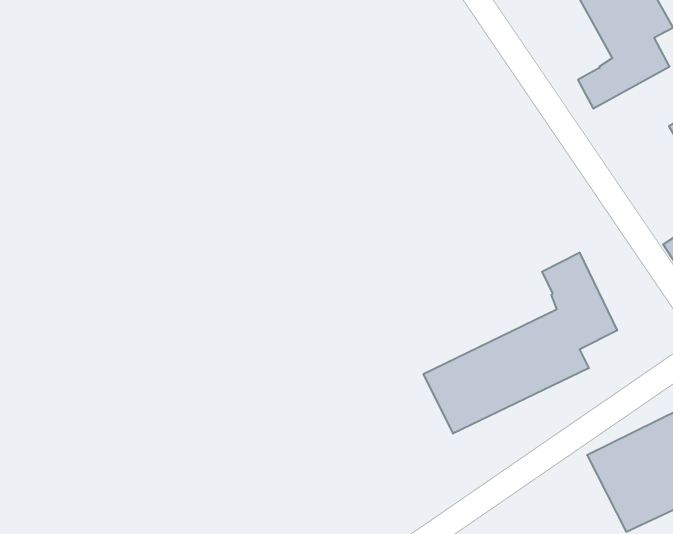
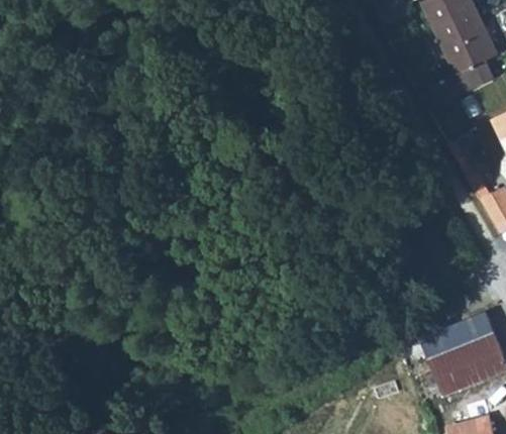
building: [424,253,617,434] -> none

